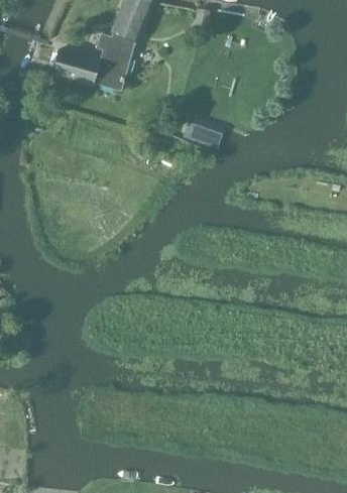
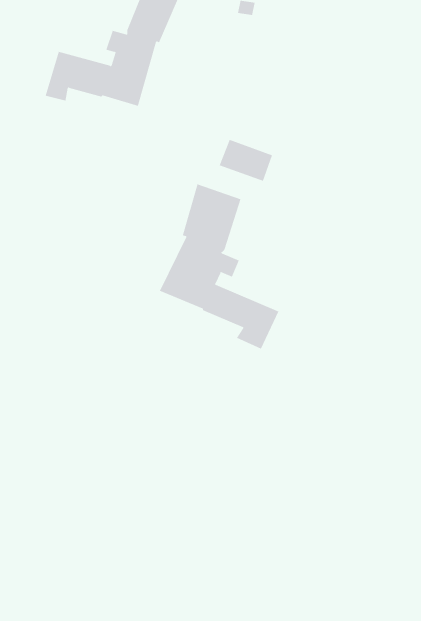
building: none -> [159,184,279,349]

